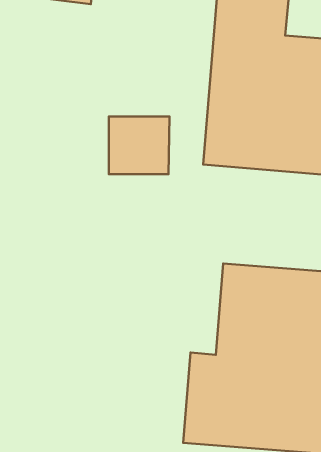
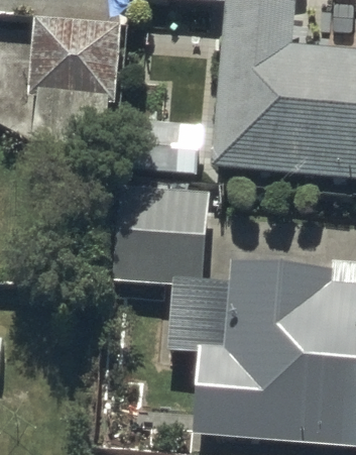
building: none -> [27,14,120,98]
building: none -> [113,184,209,285]

